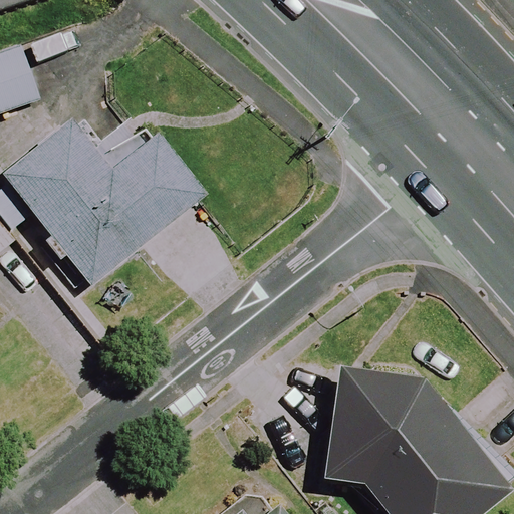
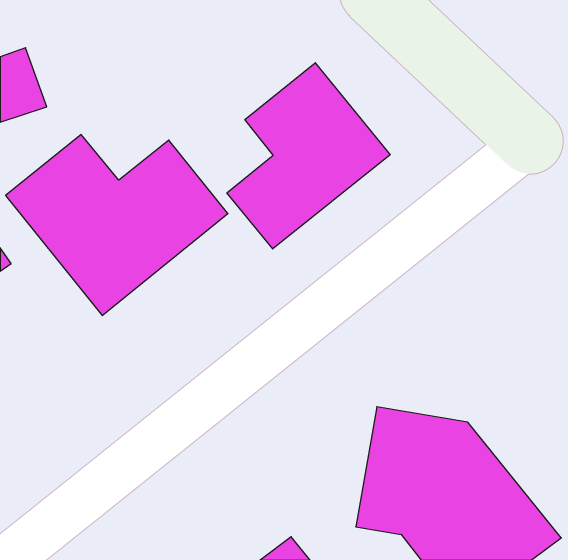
building: none -> [227,63,390,249]

